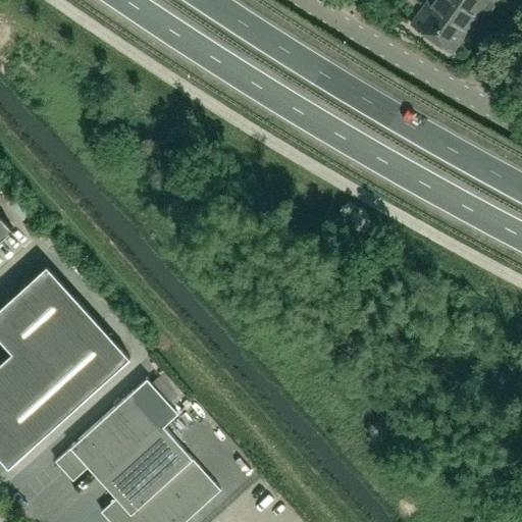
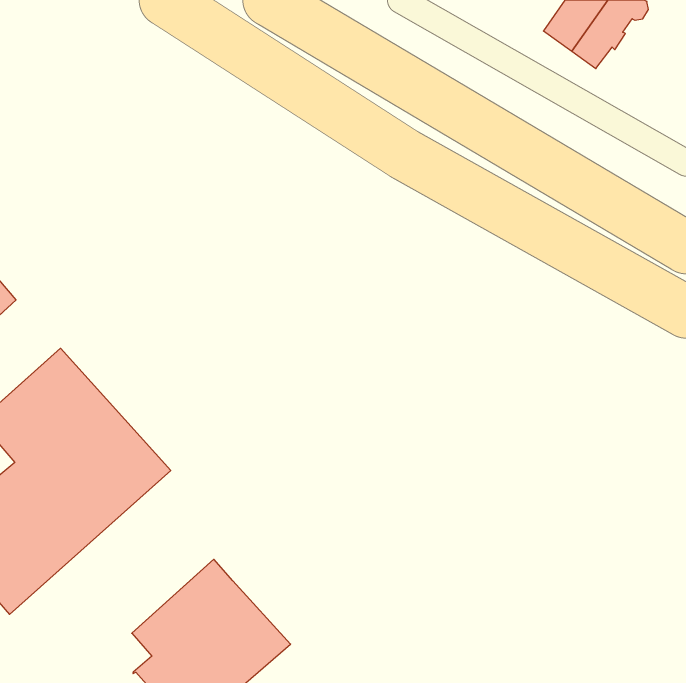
building: [55,380,177,483] -> none

